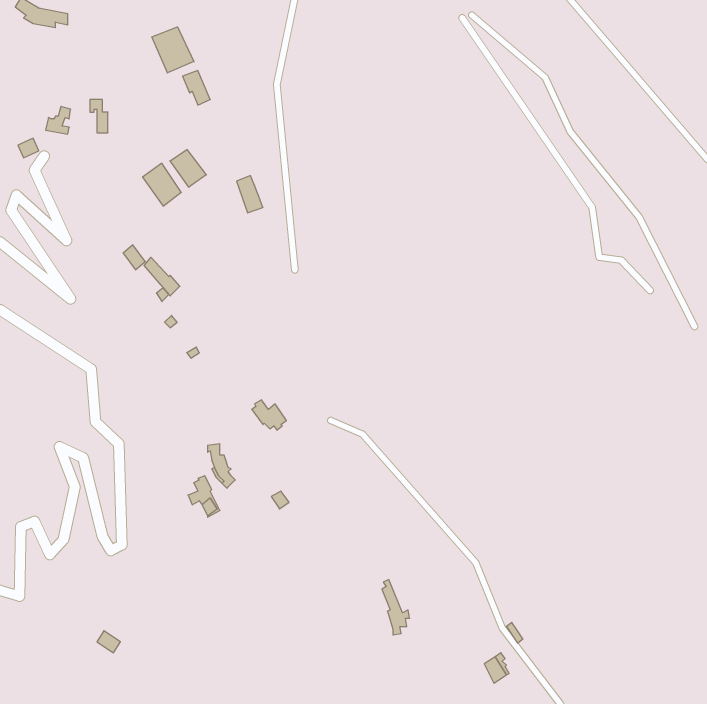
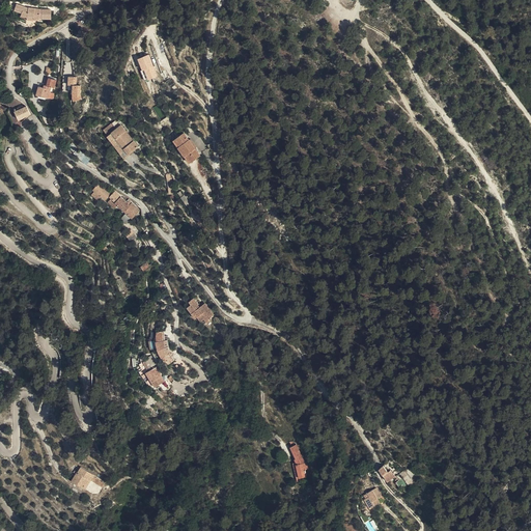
building: [152,27,194,73] -> none
building: [170,150,206,187] -> none

